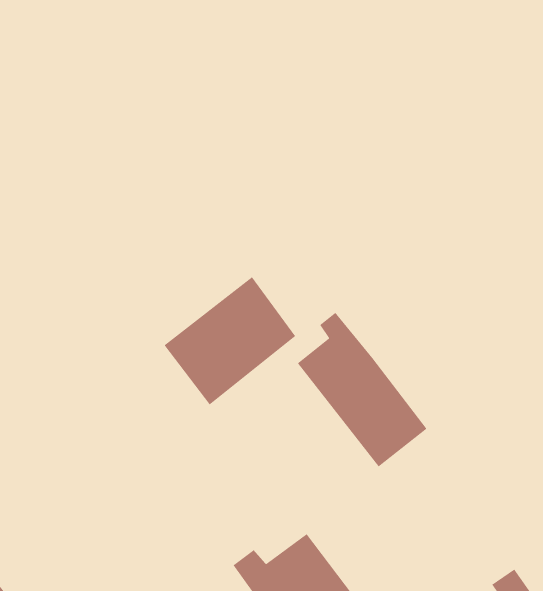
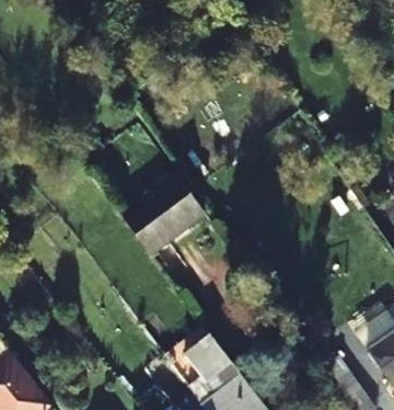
building: [297,312,428,468] -> none

